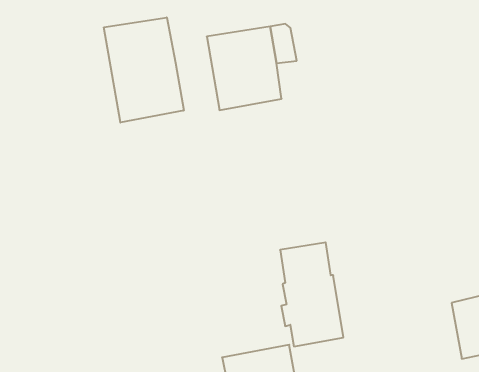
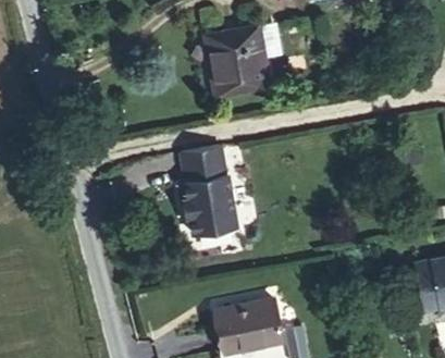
building: [104,17,184,123] -> none
building: [280,242,343,346] -> [180,146,234,235]

